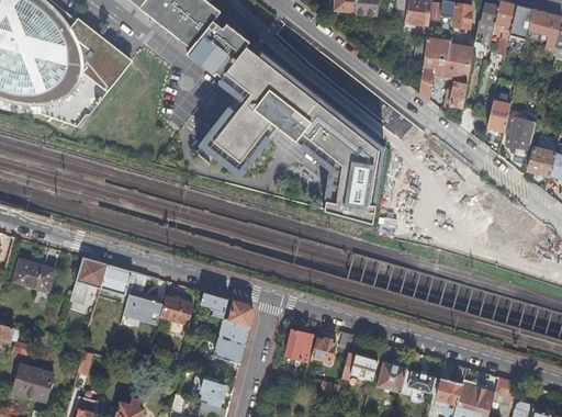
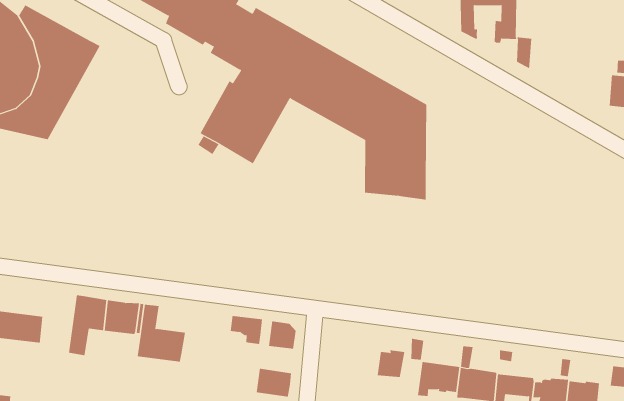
building: [486,99,509,131] -> none
building: [505,116,535,148] -> none
building: [159,295,192,323] -> none
building: [218,317,248,343] -> none
building: [284,328,313,360] -> none

